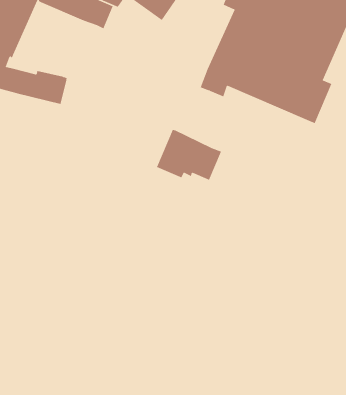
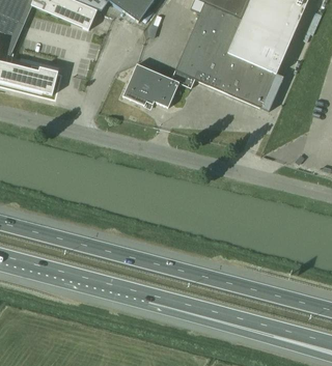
building: [156,130,222,181] -> [123,63,179,107]

